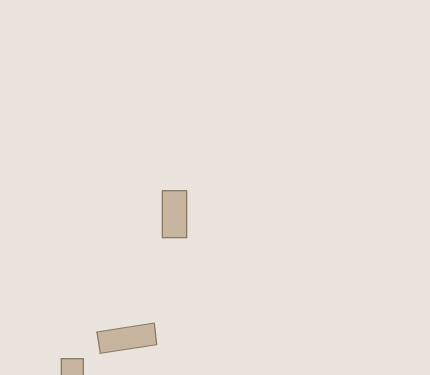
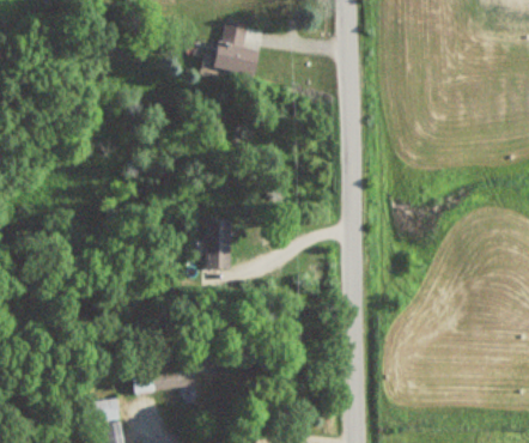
building: none -> [217,23,260,77]

